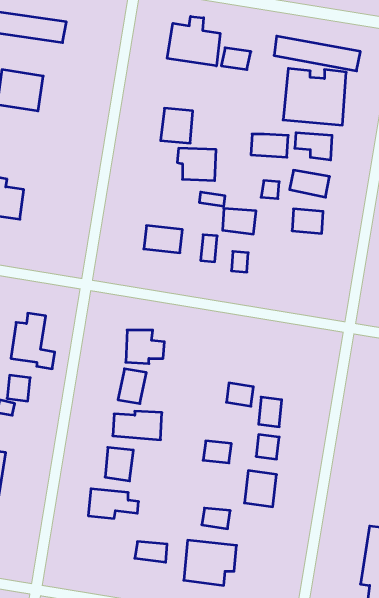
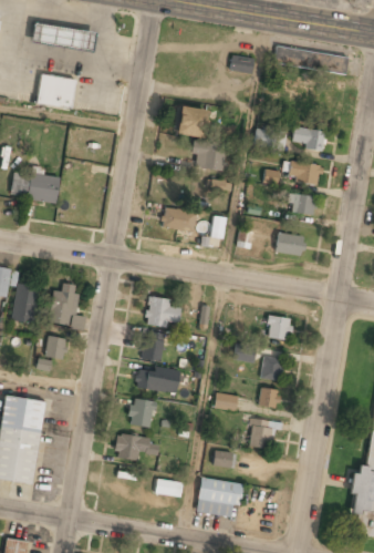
building: [167,16,220,66] -> none
building: [223,208,256,234] -> [276,233,304,255]
building: none -> [267,315,291,340]

